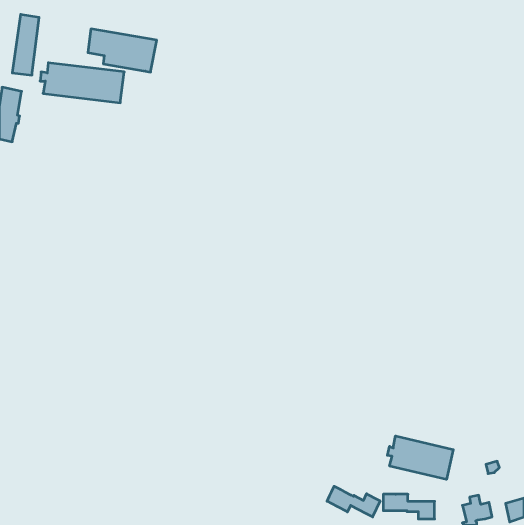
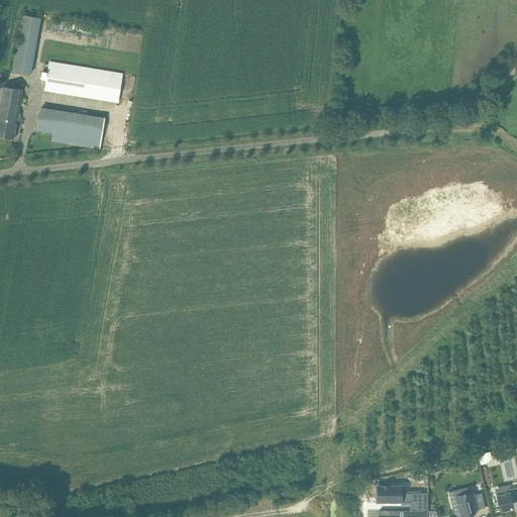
building: [88,29,157,72] -> [36,107,104,149]
building: [387,436,453,479] -> none
building: [327,486,380,517] -> none

